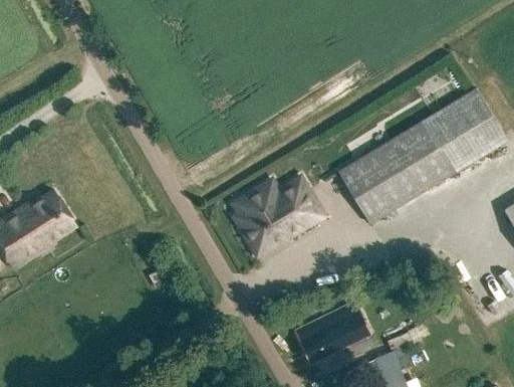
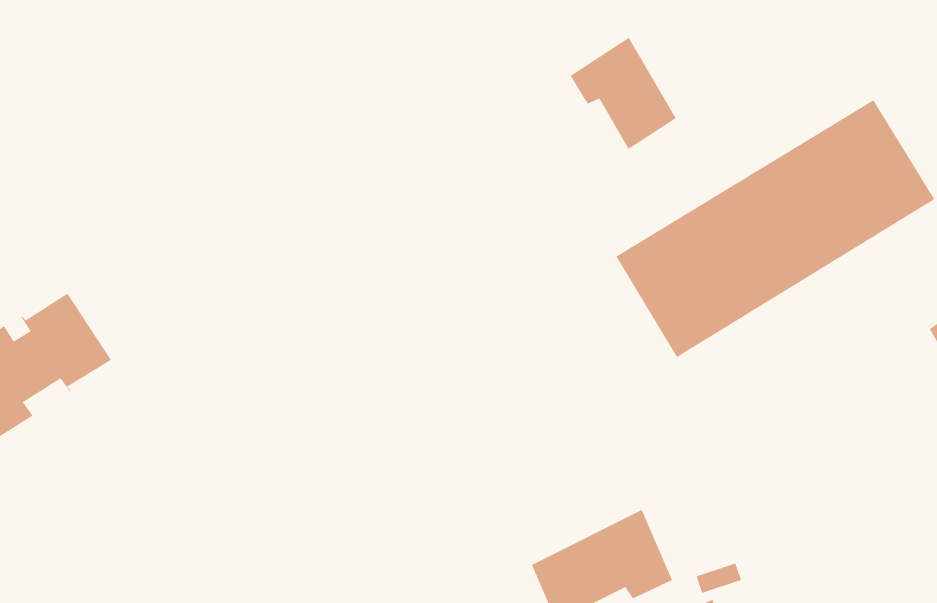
building: none -> [570,37,677,150]
building: [234,178,321,248] -> none

